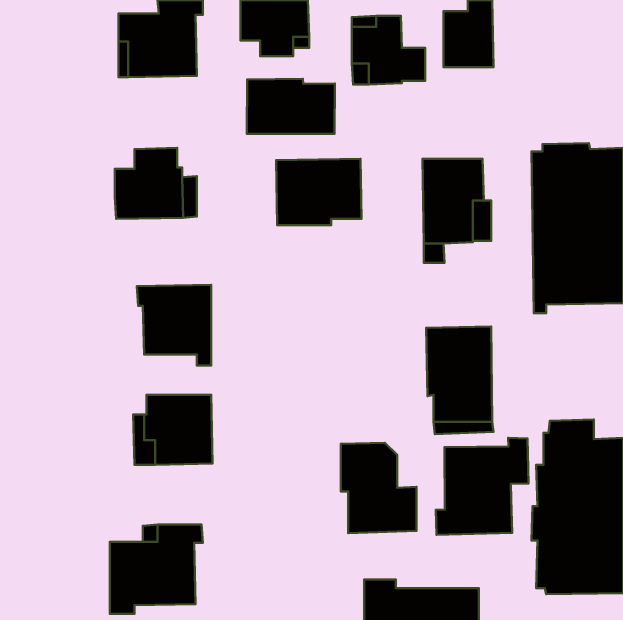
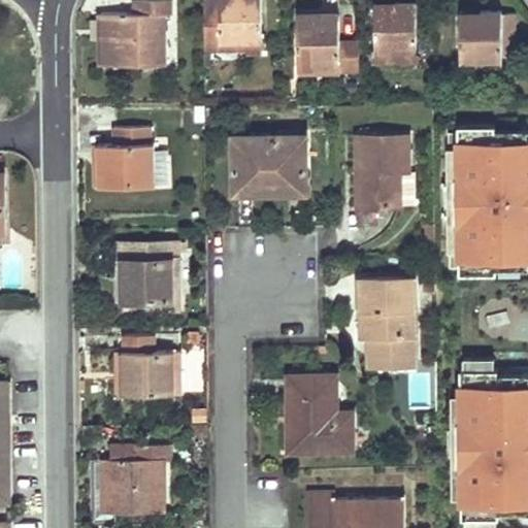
building: none -> [460,13,515,70]
building: [247,79,335,134] -> none
building: [436,438,529,535] -> none

